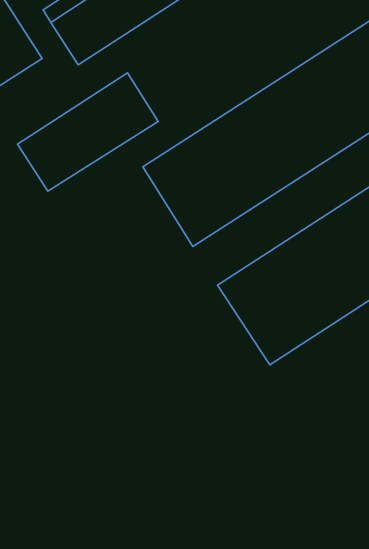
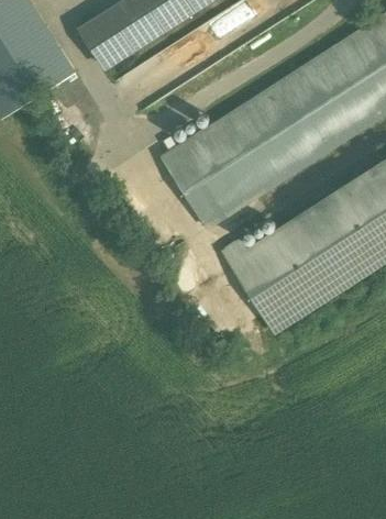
building: [18,73,158,191] -> none

